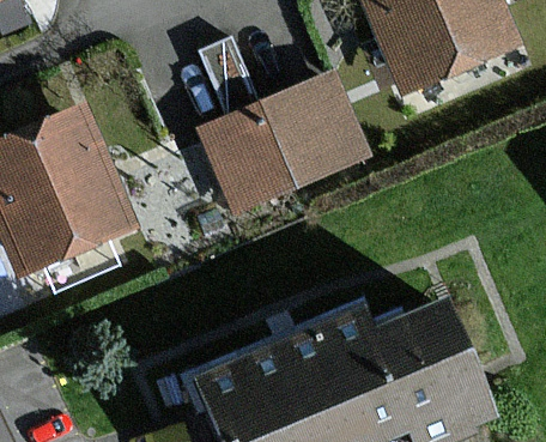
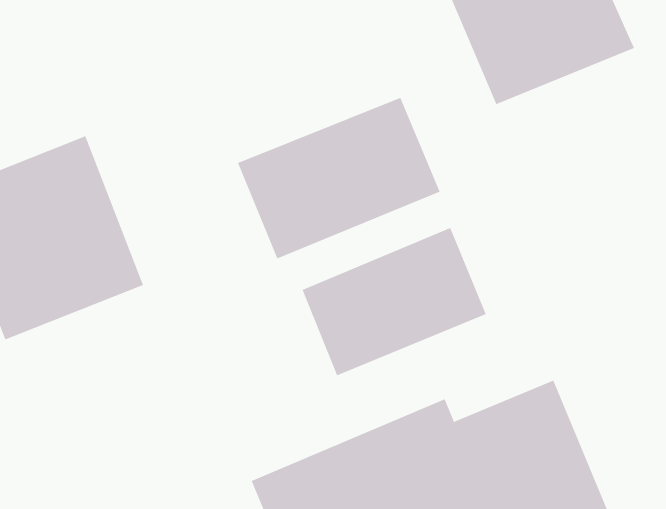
building: none -> [302,227,486,376]

